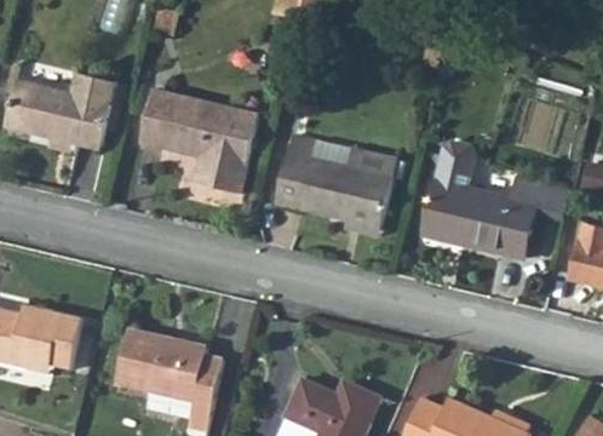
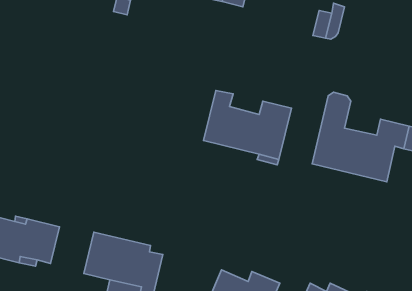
building: [7,73,126,151] -> none
building: [140,90,258,191] -> none

